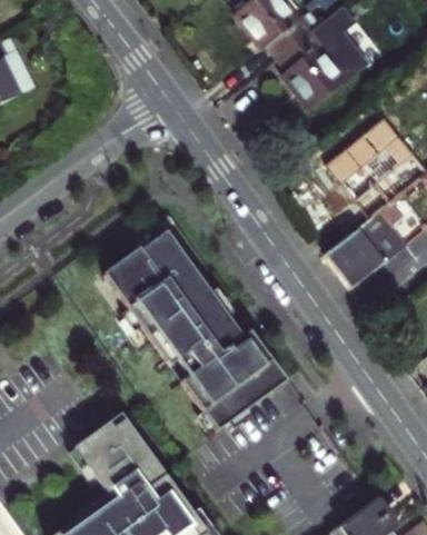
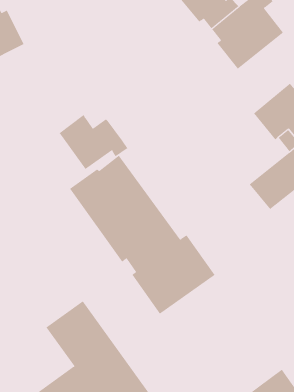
building: none -> [59,114,128,170]

